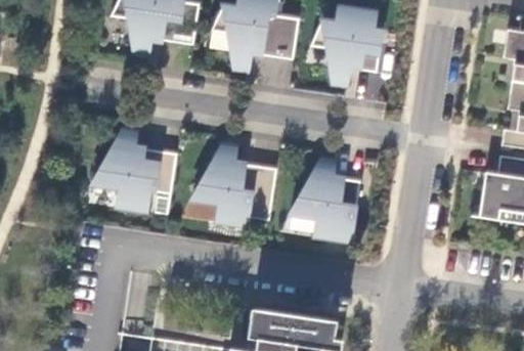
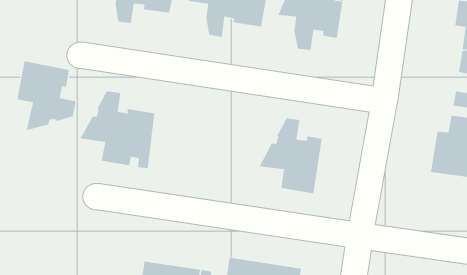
building: none -> [17,61,76,131]
building: [192,143,276,225] -> none

